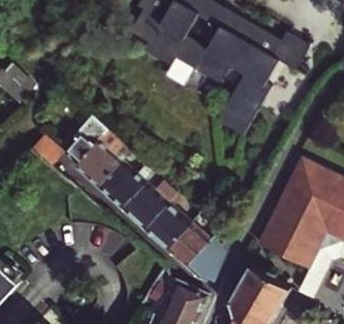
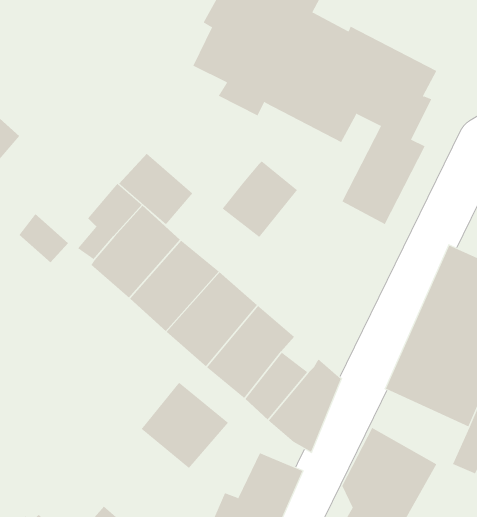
building: none -> [118,153,193,225]
building: none -> [222,160,298,238]
building: none -> [141,382,229,469]

